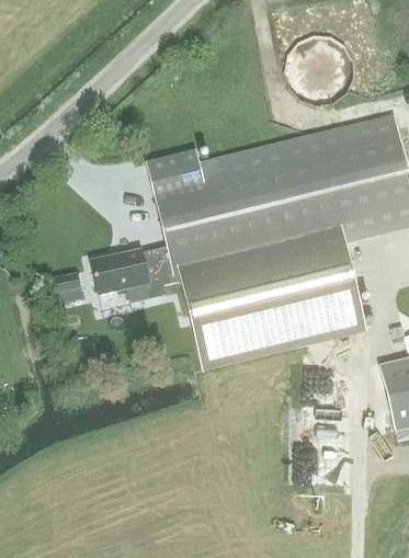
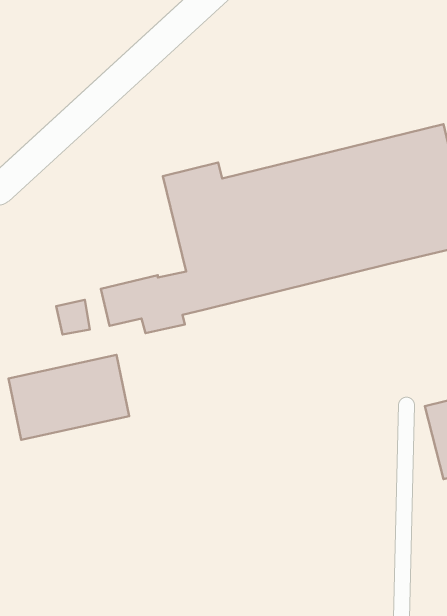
building: [183,238,367,371] -> none
building: none -> [9,355,129,440]

